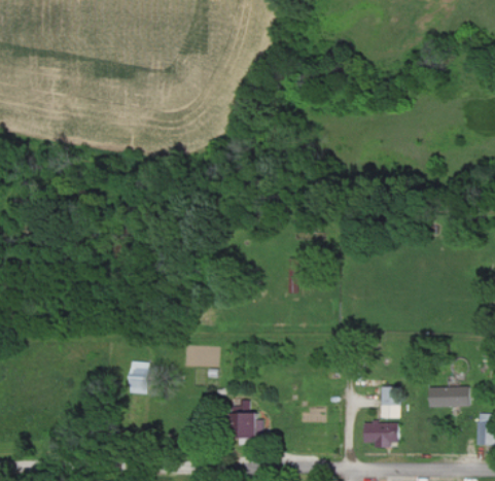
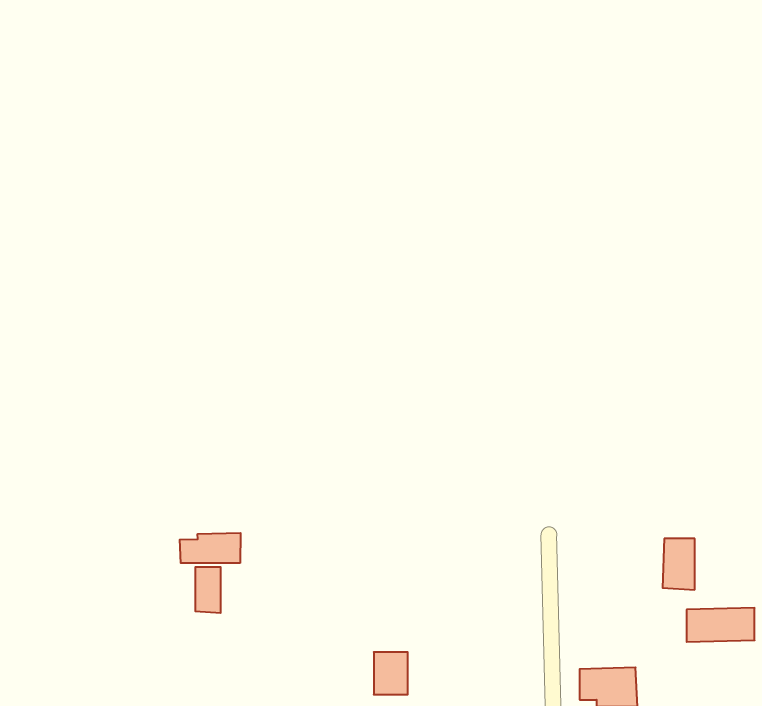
building: none -> [180,533,241,563]
building: [380,387,399,418] -> [663,539,695,590]

